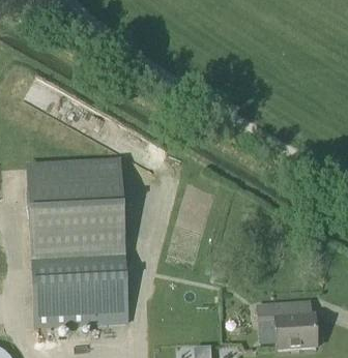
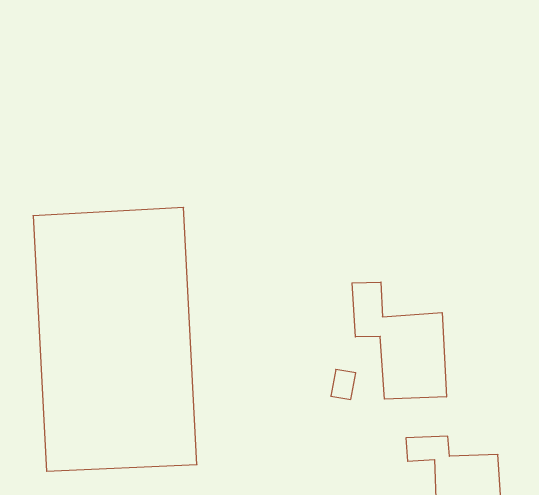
building: none -> [352,282,446,399]

